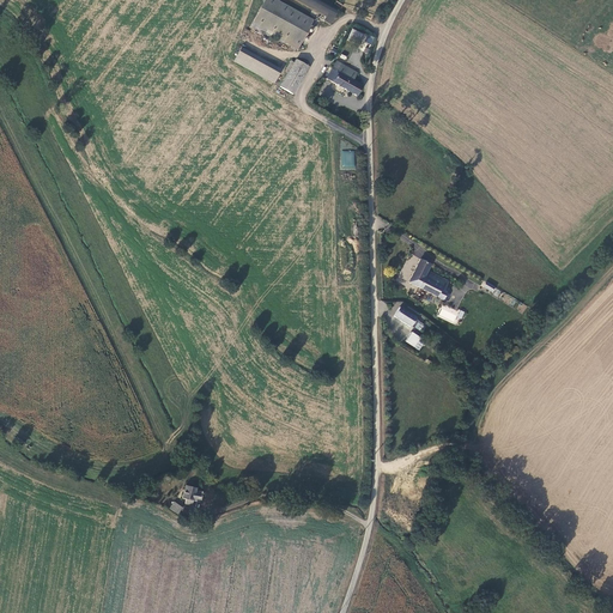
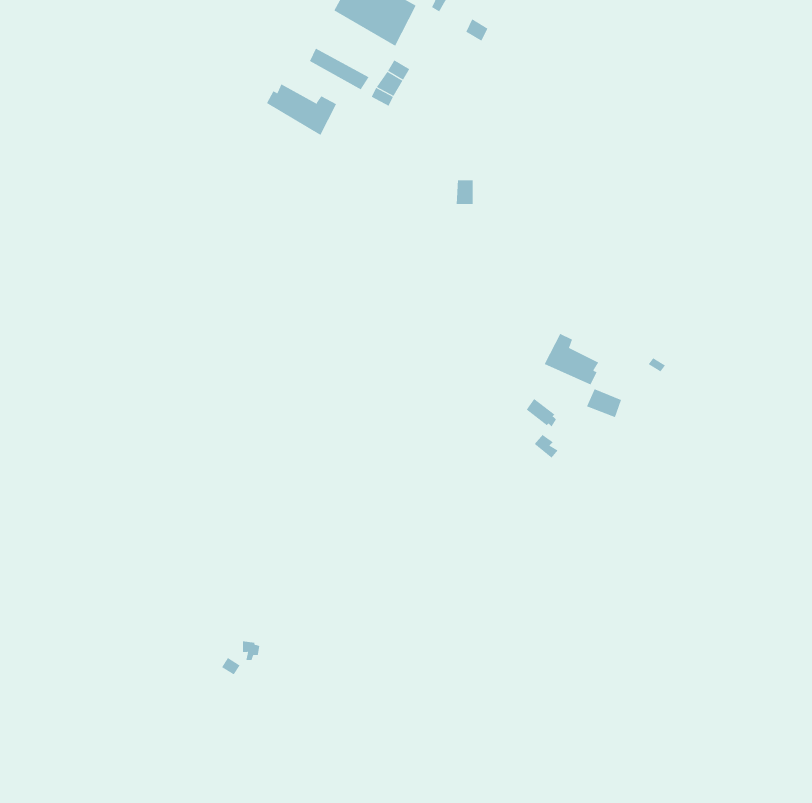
building: [327,59,363,96] -> none
building: none -> [266,84,337,136]

